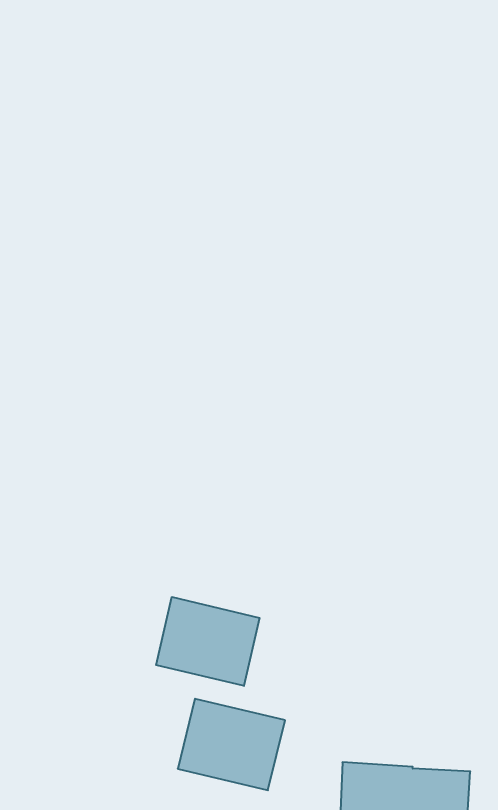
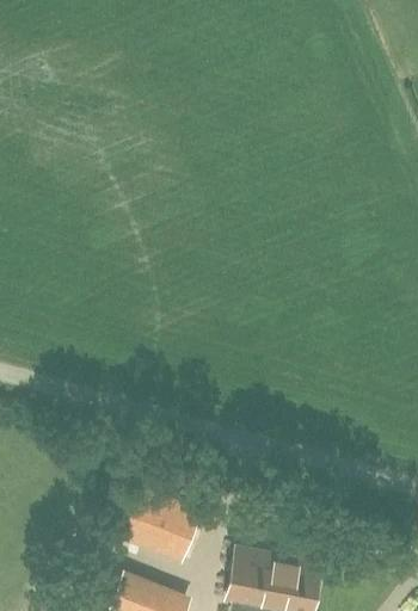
building: [156,597,260,686] -> none

